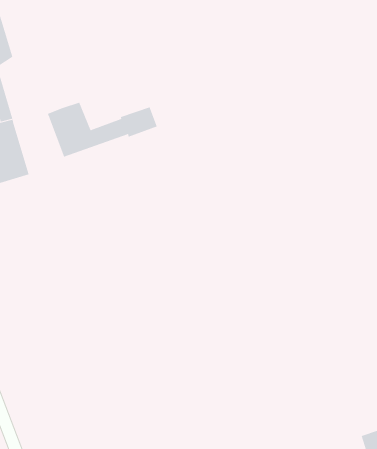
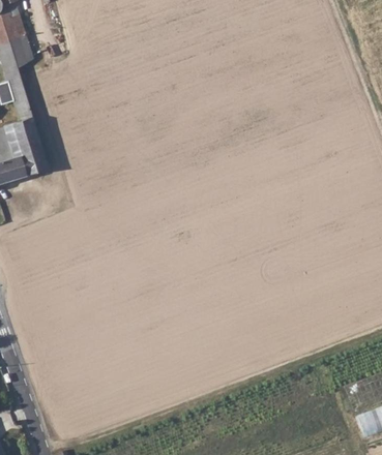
building: [47,102,157,158] -> none

